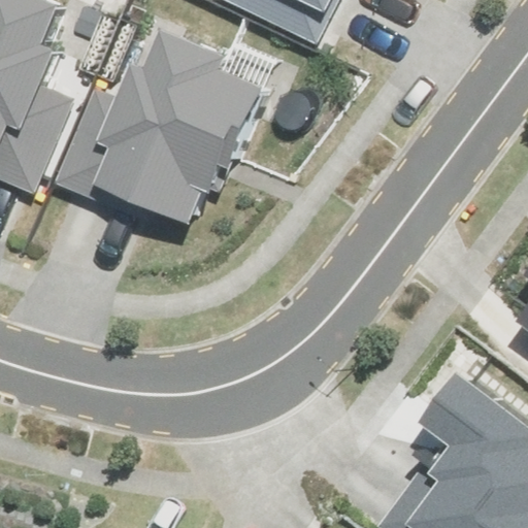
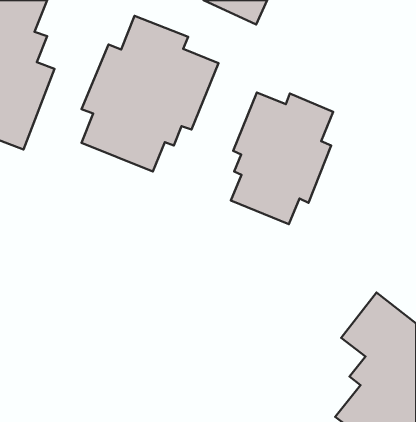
building: none -> [231,92,333,224]

